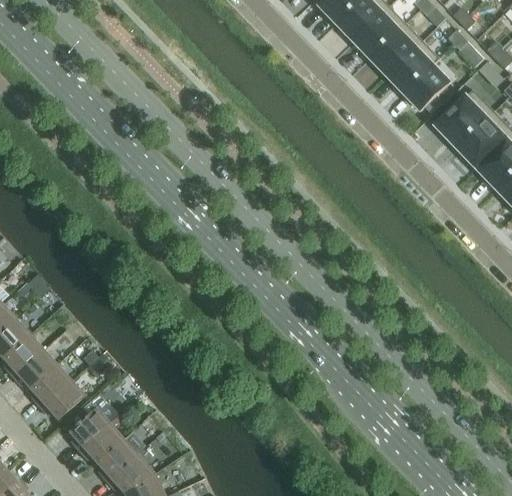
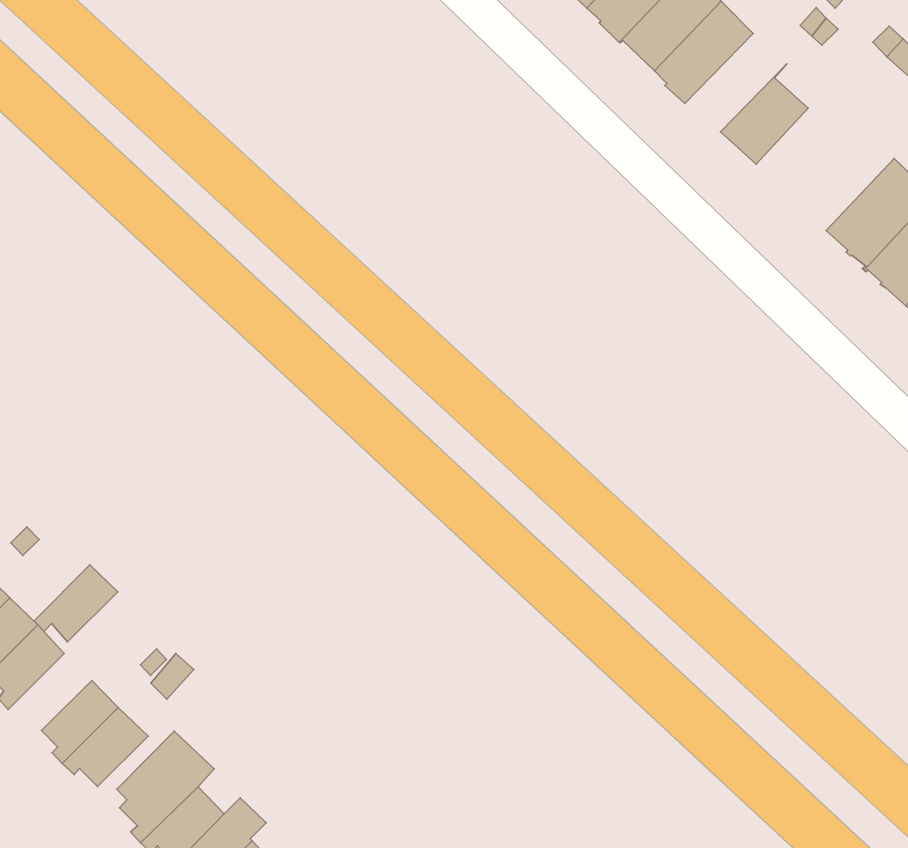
building: [386,42,441,93] -> none
building: [436,90,495,148] -> none
building: [12,350,57,390] -> [34,565,118,642]

